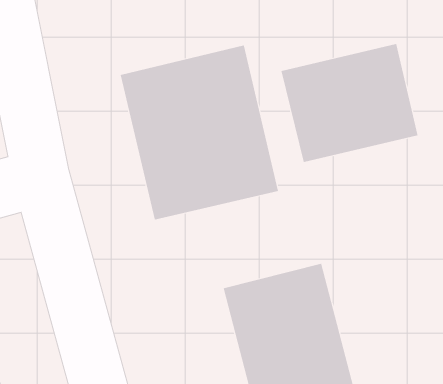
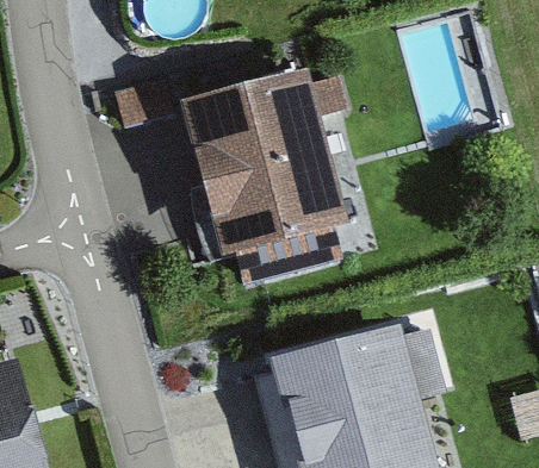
building: [281,43,418,163] -> none

